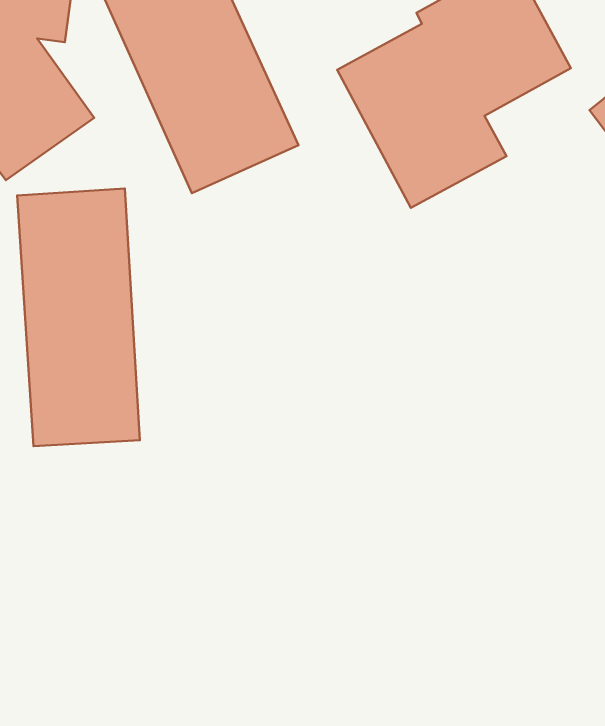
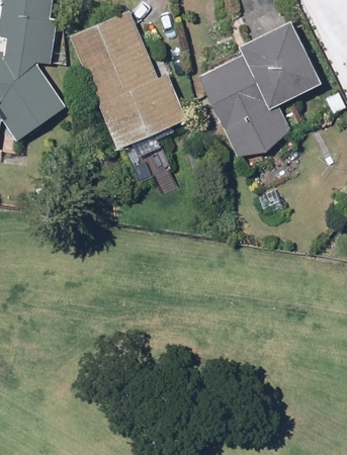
building: [17,189,140,446] -> none

